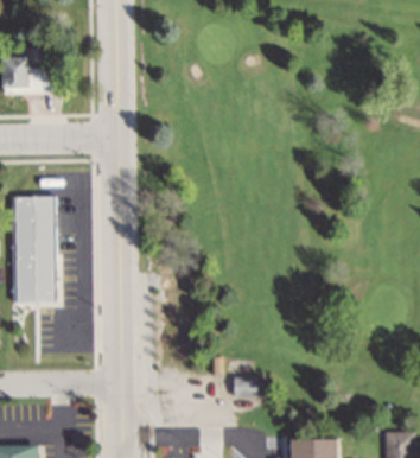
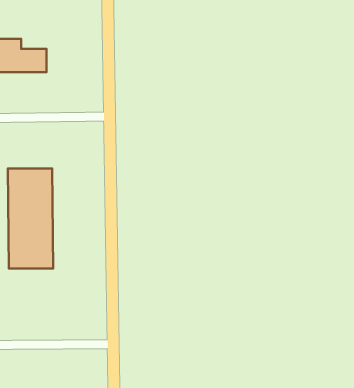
building: [234,376,259,396] -> none

